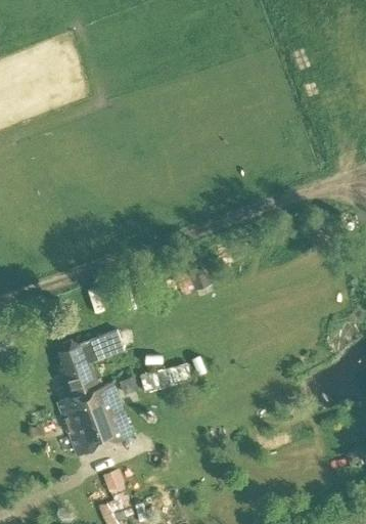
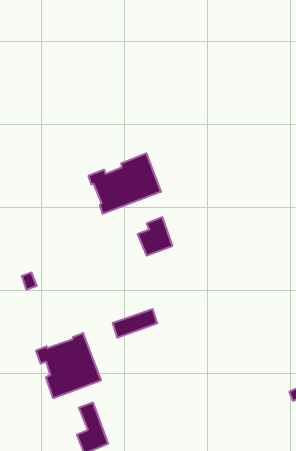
building: none -> [89,153,161,214]
building: [53,331,124,401] -> none

